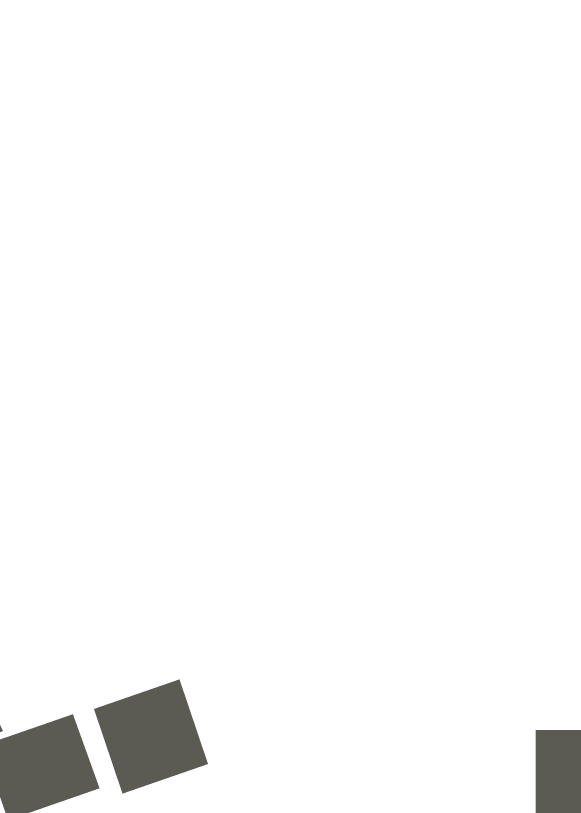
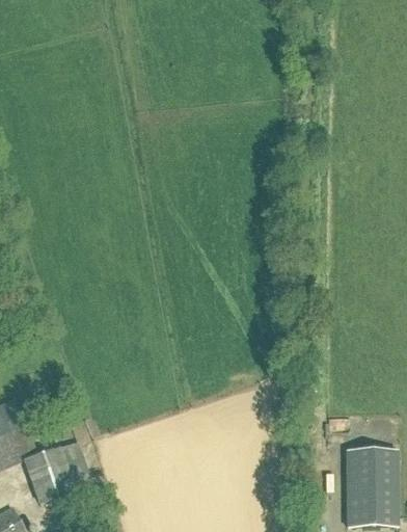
building: [93,679,209,795] -> none

